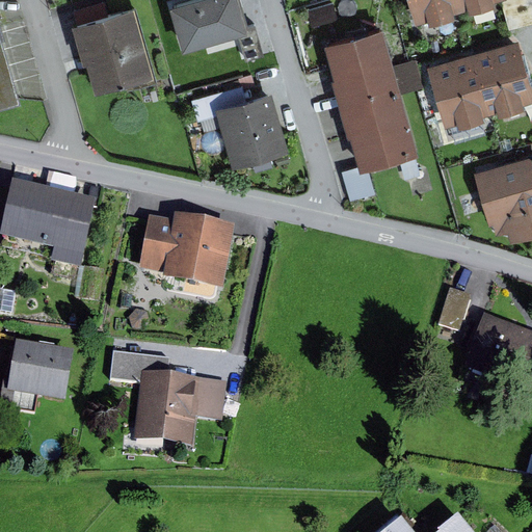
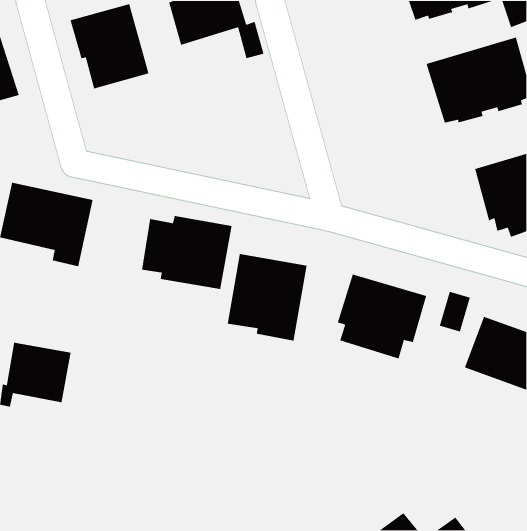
building: [323,23,417,165] -> none
building: [192,82,287,161] -> none
building: none -> [227,253,307,341]
building: none -> [337,273,427,359]
building: [110,352,229,449] -> none

